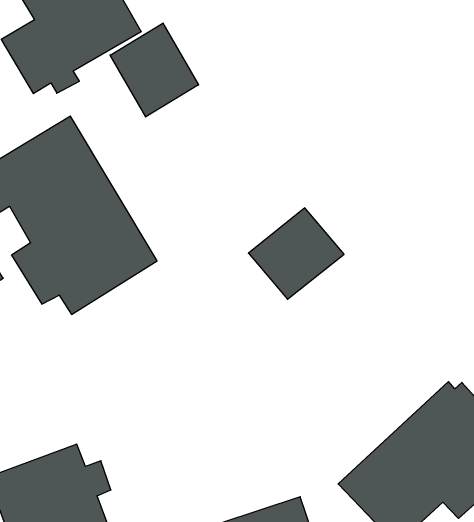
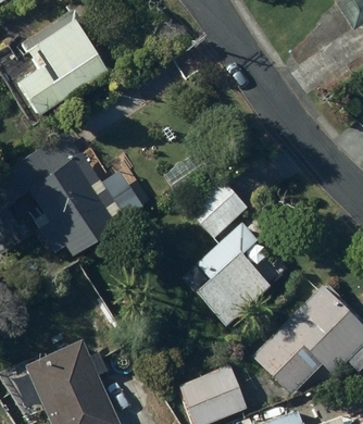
building: [110,23,199,117] -> none
building: none -> [195,221,272,326]

